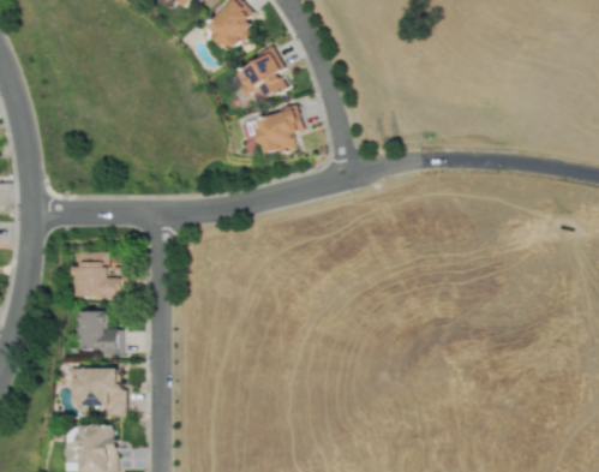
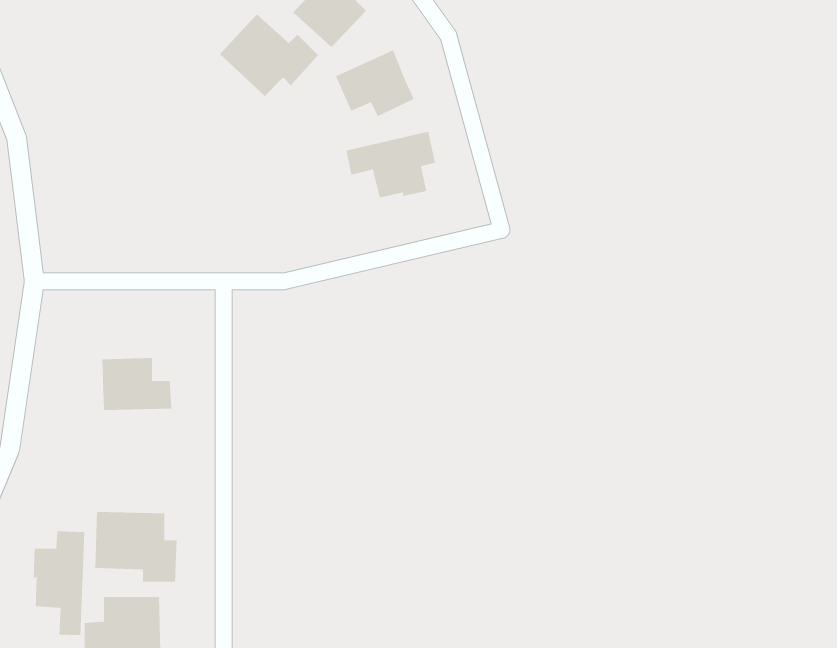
building: none -> [219,13,319,97]
building: [79,310,121,354] -> none
building: none -> [33,530,85,636]

